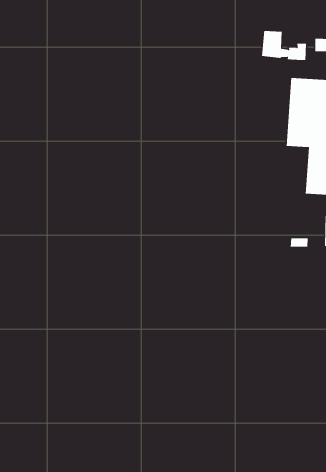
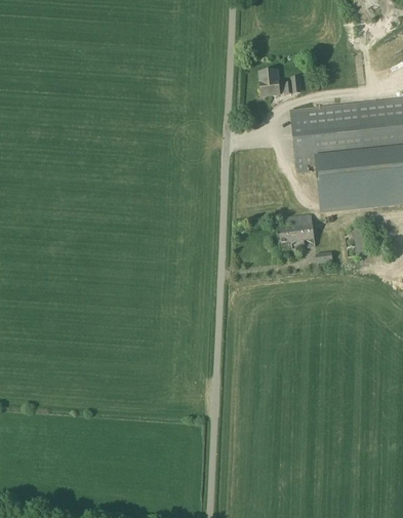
building: none -> [278,212,316,248]

